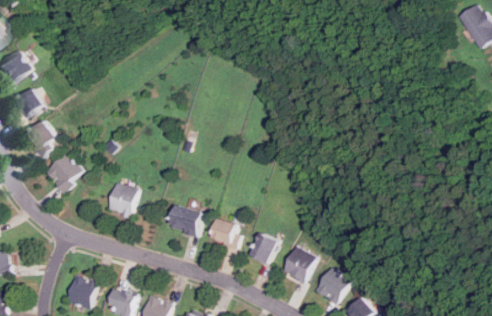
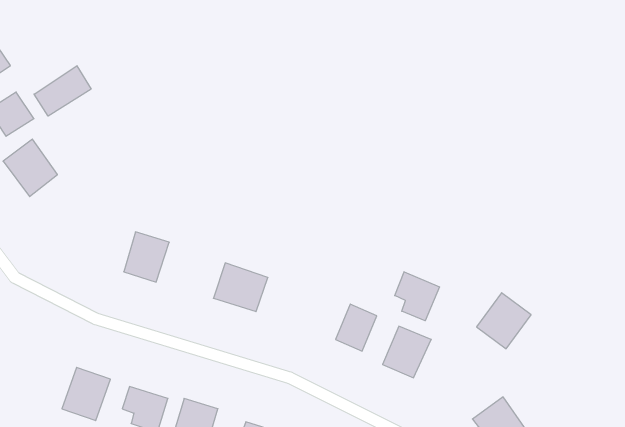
building: none -> [34,66,91,116]
building: [44,152,84,192] -> none
building: none -> [395,272,440,321]
building: [210,217,240,247] -> none
building: [314,266,351,304] -> [477,293,531,349]

